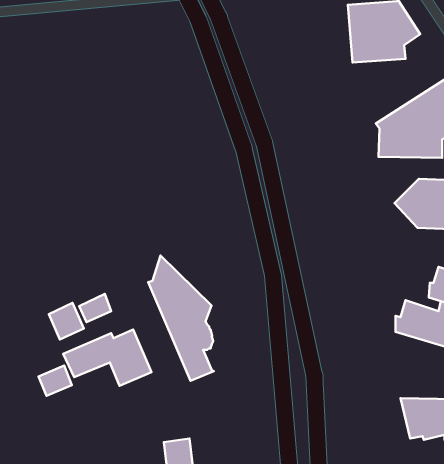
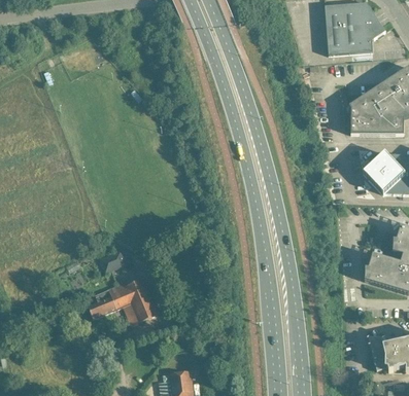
building: [148,255,214,381] -> none
building: [49,303,84,340] -> none
building: [39,366,72,396] -> none

